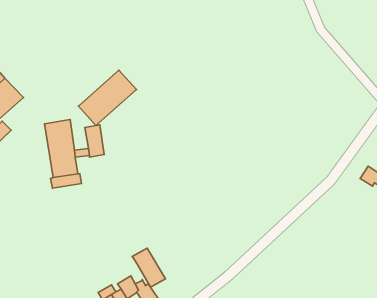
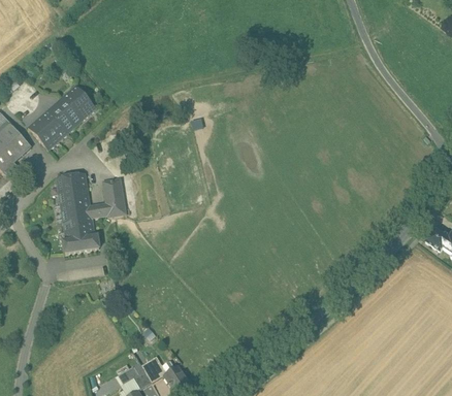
building: [78,70,136,125] -> [28,84,96,148]
building: [132,248,165,287] -> none

